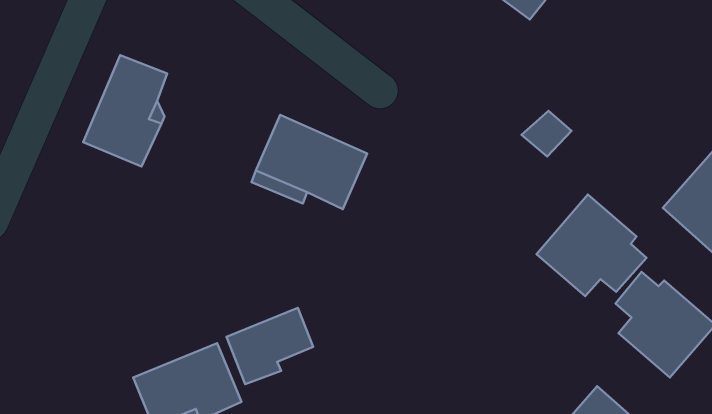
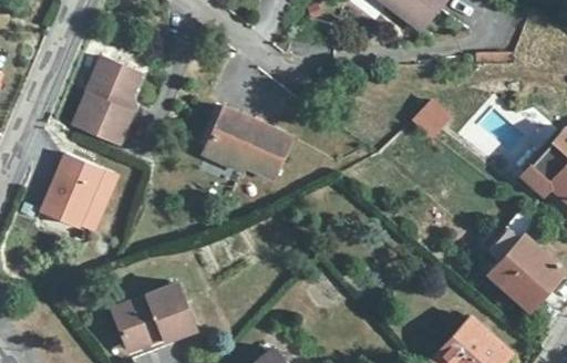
building: none -> [40,154,120,238]
building: [537,195,647,296] -> none
building: [226,308,313,384] -> none

